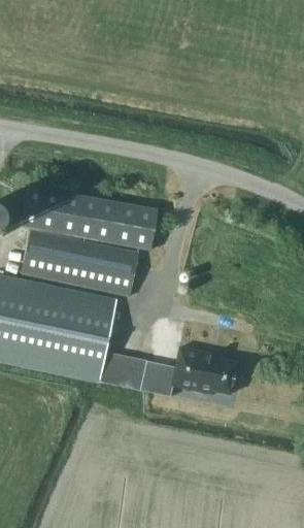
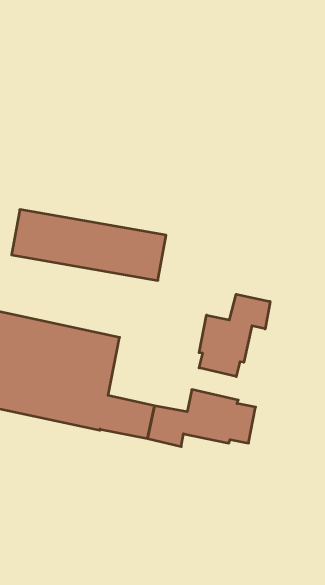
building: [22,231,140,296] -> none
building: none -> [199,294,270,377]

